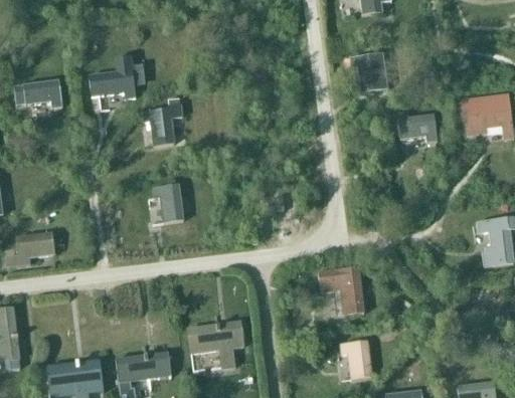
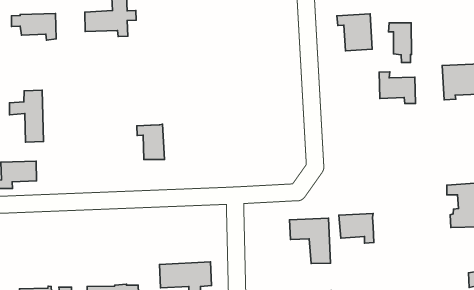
building: none -> [388,23,411,63]
building: [142,103,182,146] -> none
building: none -> [10,90,44,142]
building: none -> [339,214,374,243]

